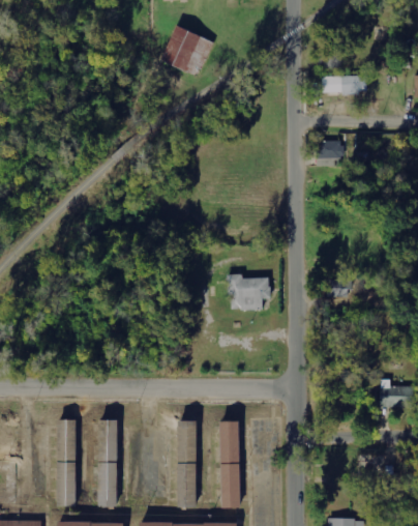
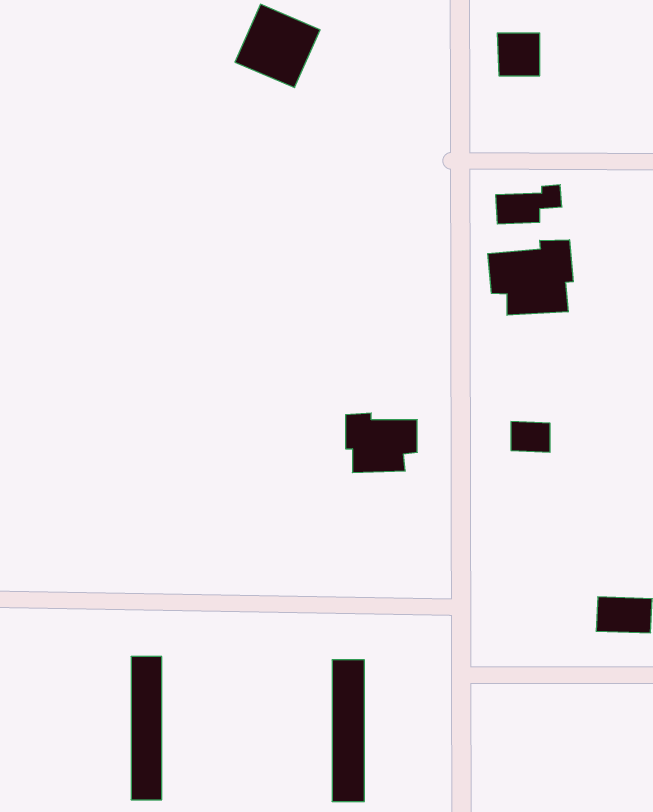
building: [323,75,369,94] -> none
building: none -> [488,240,573,315]
building: [56,421,74,508] -> none
building: [176,421,196,508] -> none

